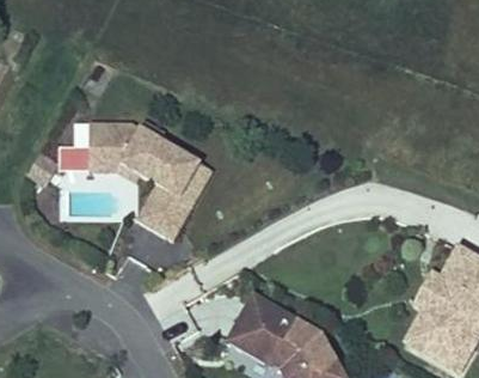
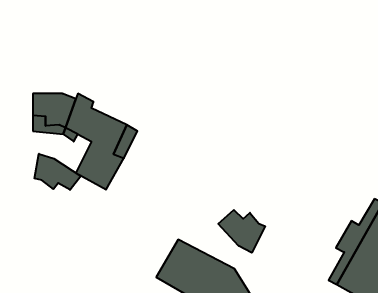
building: none -> [34,154,81,190]
building: none -> [218,210,265,253]

